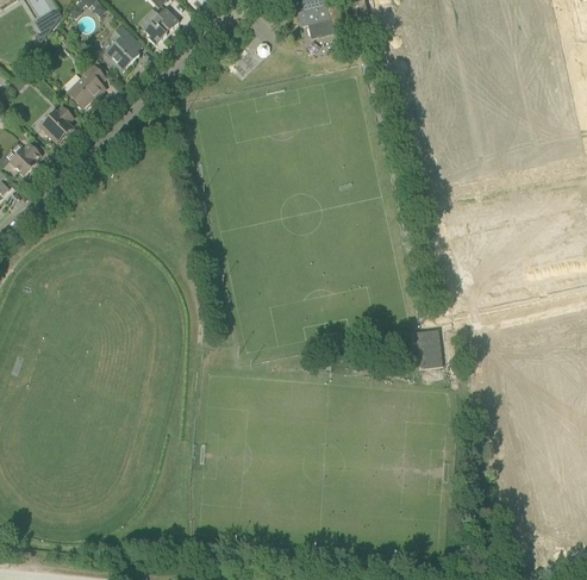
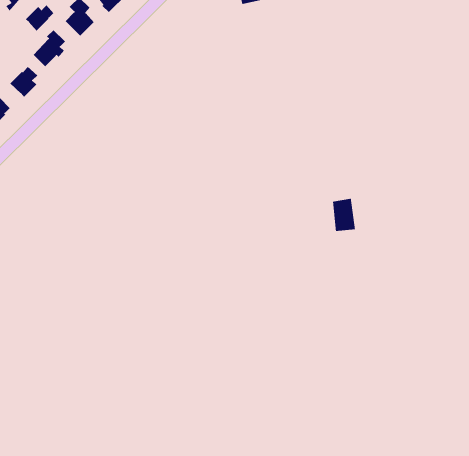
building: none -> [25,5,54,31]
building: [414,328,442,367] -> [332,198,356,232]

